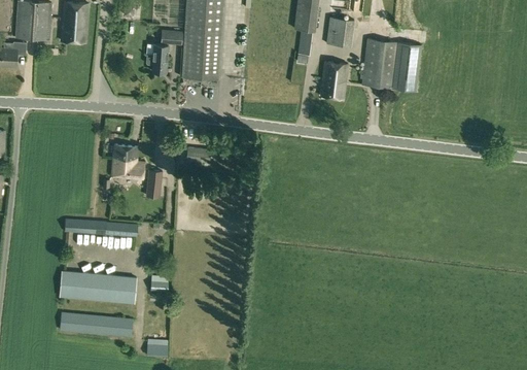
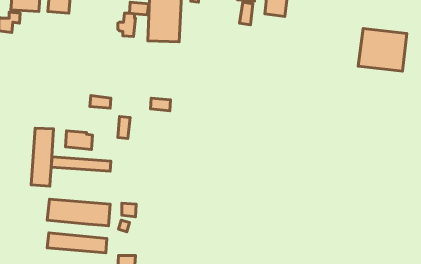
building: [361,39,421,92] -> [358,28,407,71]
building: [320,62,348,99] -> none
building: [111,158,144,180] -> [65,131,92,149]
building: none -> [31,128,53,186]

